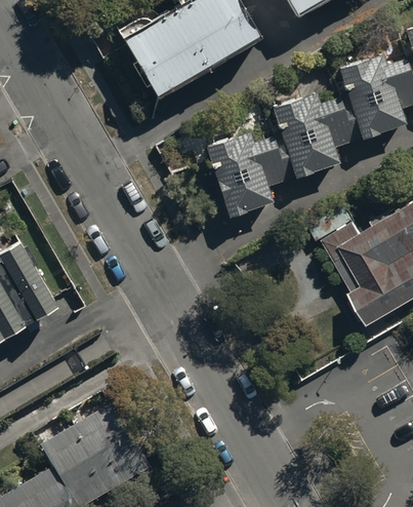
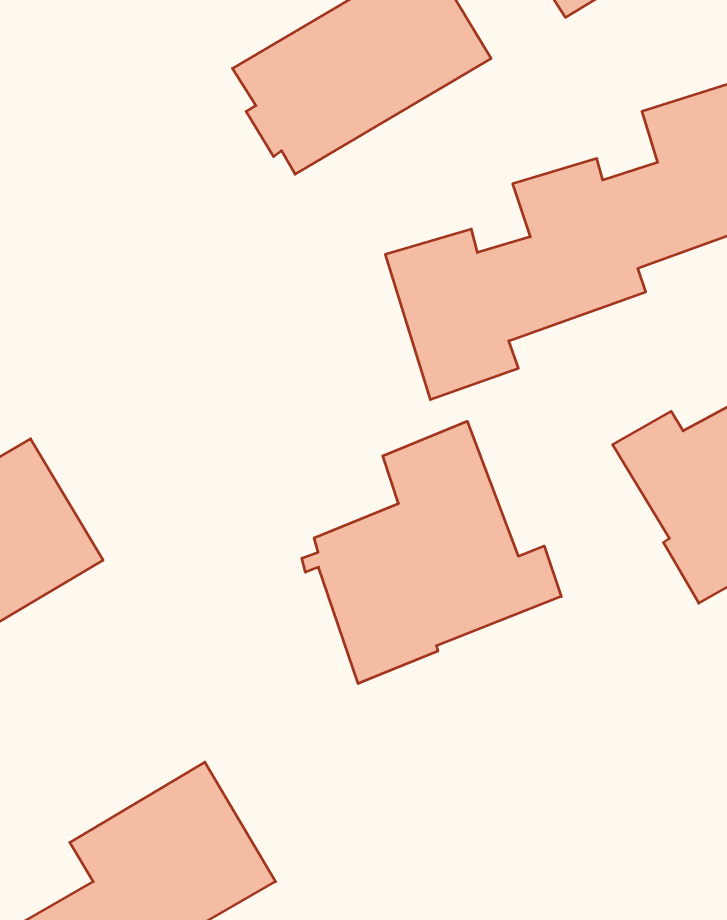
building: none -> [302,421,561,684]

